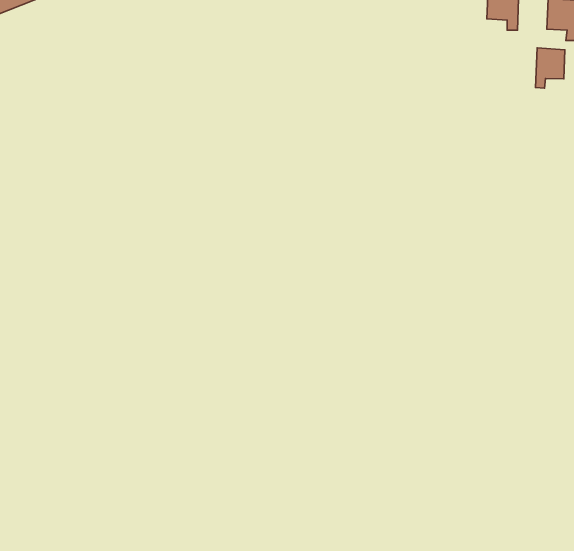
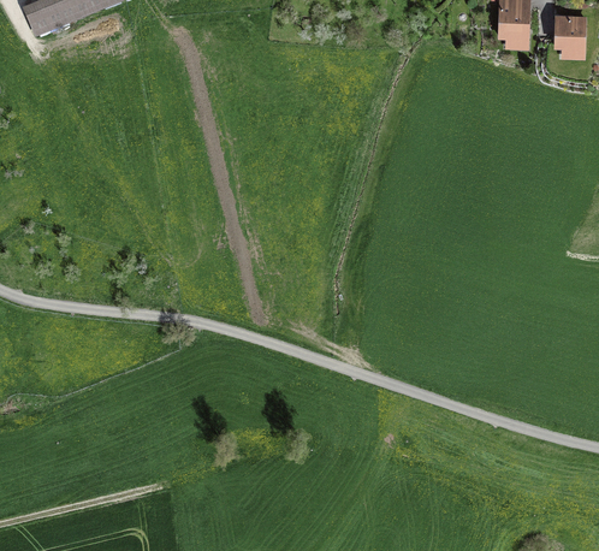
building: [535,48,565,88] -> none

